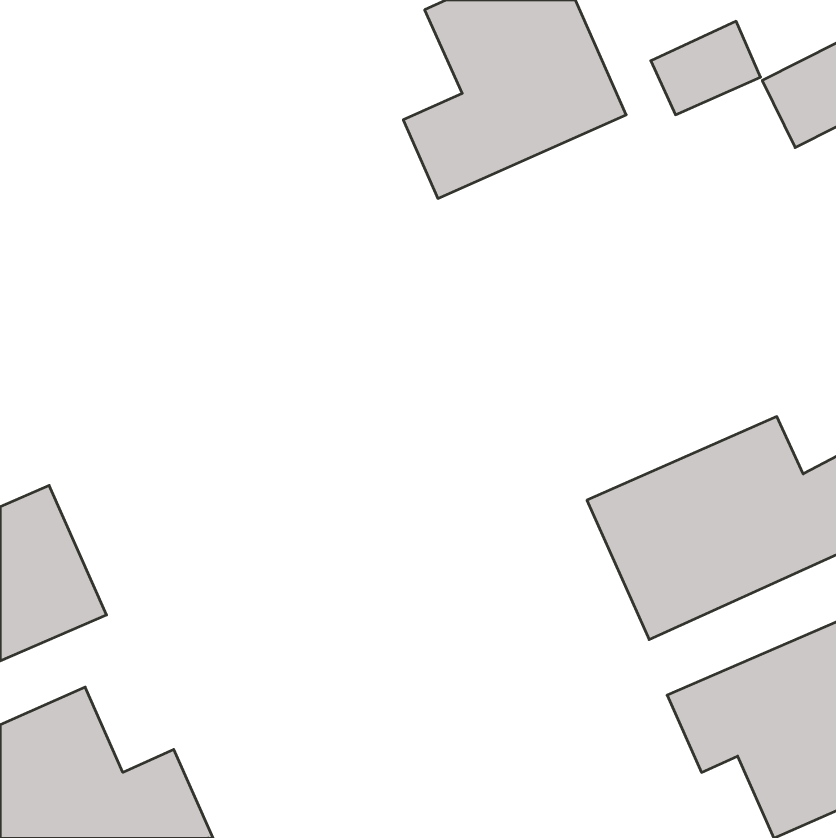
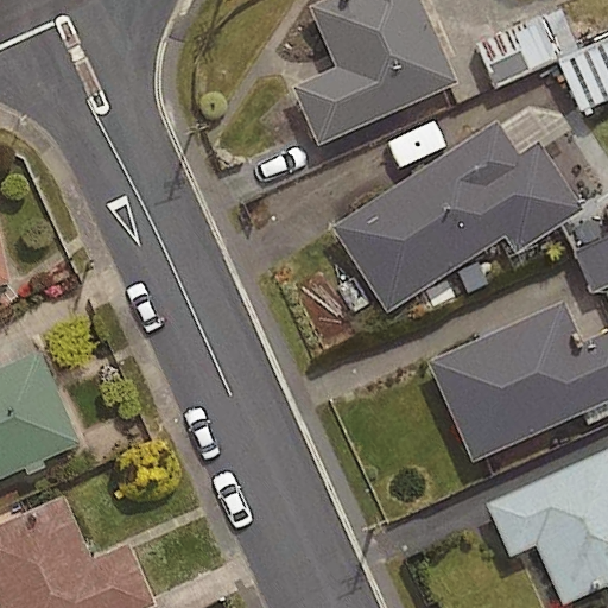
building: none -> [331,120,583,312]

